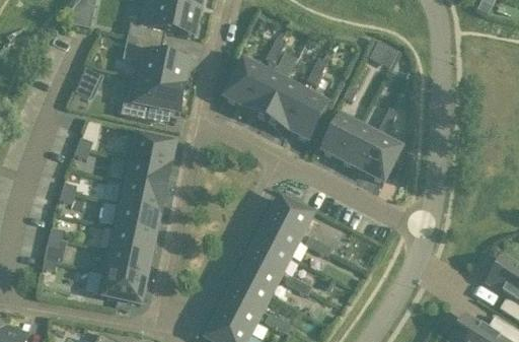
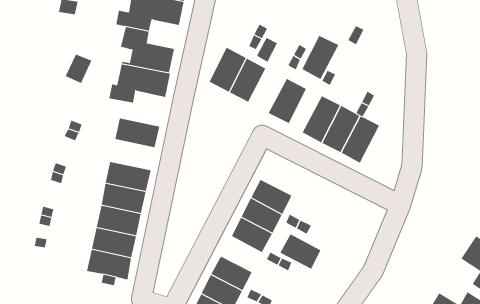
building: [267,82,306,129] -> [301,35,339,80]
building: [122,156,169,189] -> none
building: [237,258,281,295] -> [279,234,321,269]

